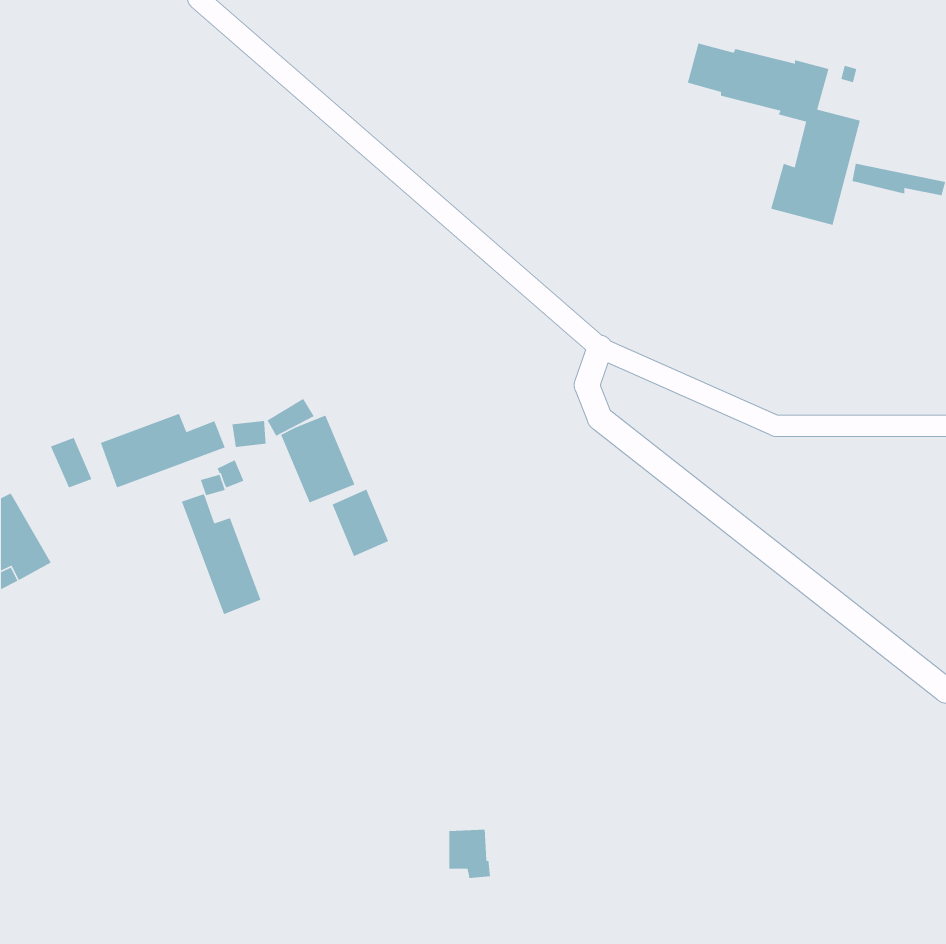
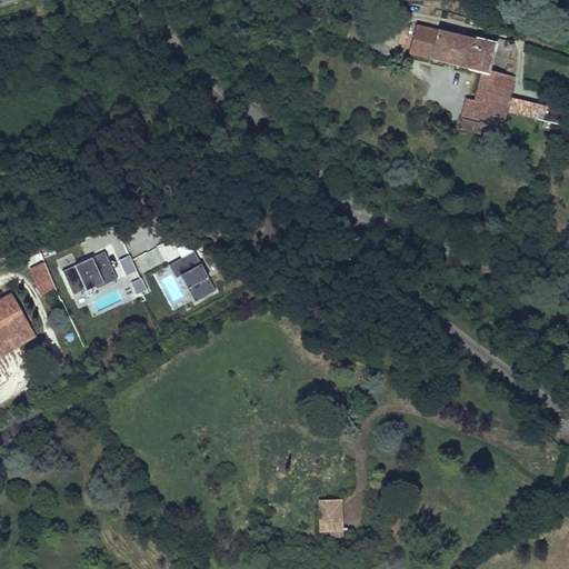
building: [331,489,389,557] -> none
building: [181,493,262,615] -> none
building: [448,829,491,879] -> [319,499,345,529]

